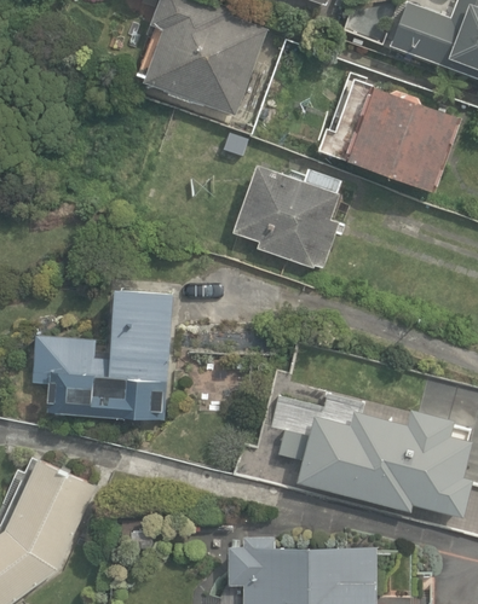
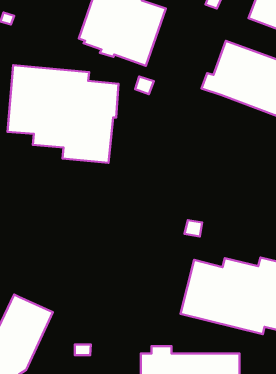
building: none -> [8,65,119,163]
building: [232,165,339,268] -> none
building: [31,290,173,423] -> none

